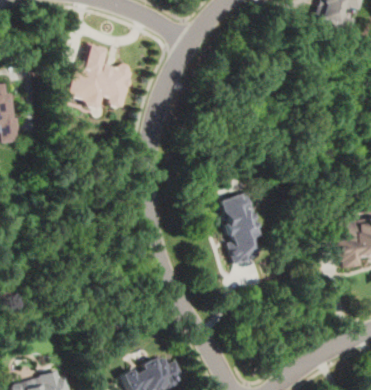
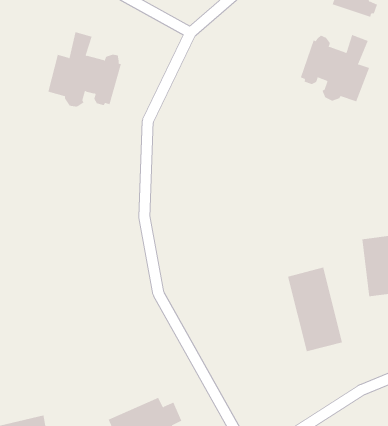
building: none -> [300,34,370,102]
building: [216,192,263,264] -> [287,267,343,352]

